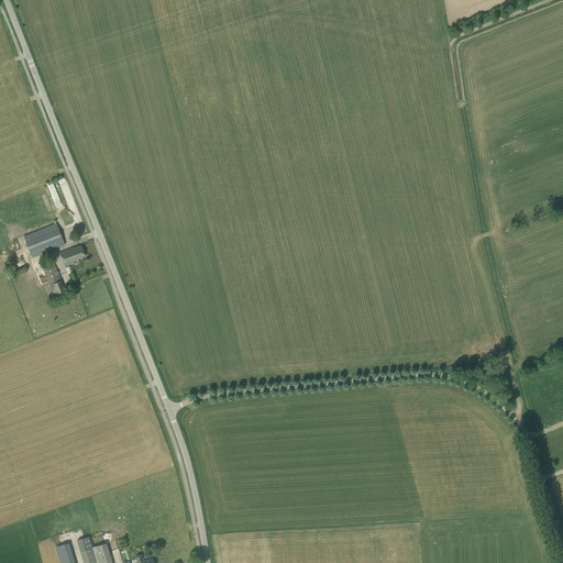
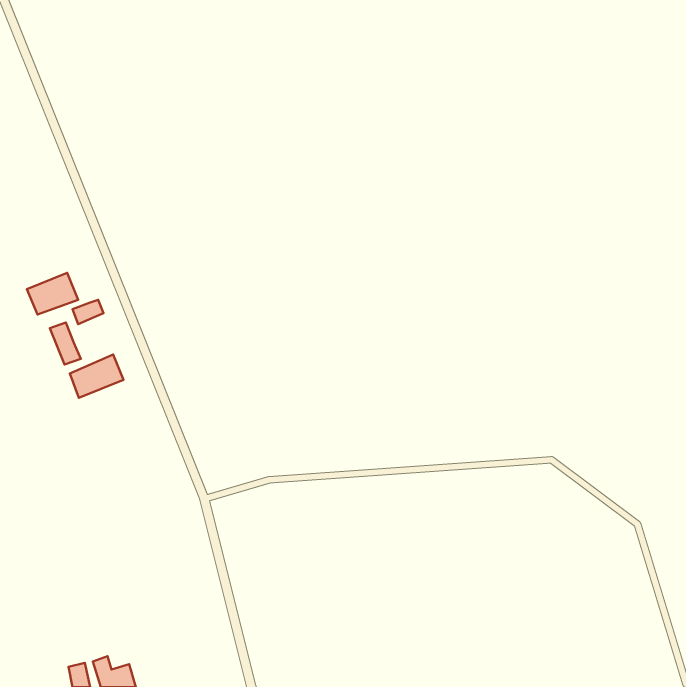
building: none -> [70,355,124,398]

